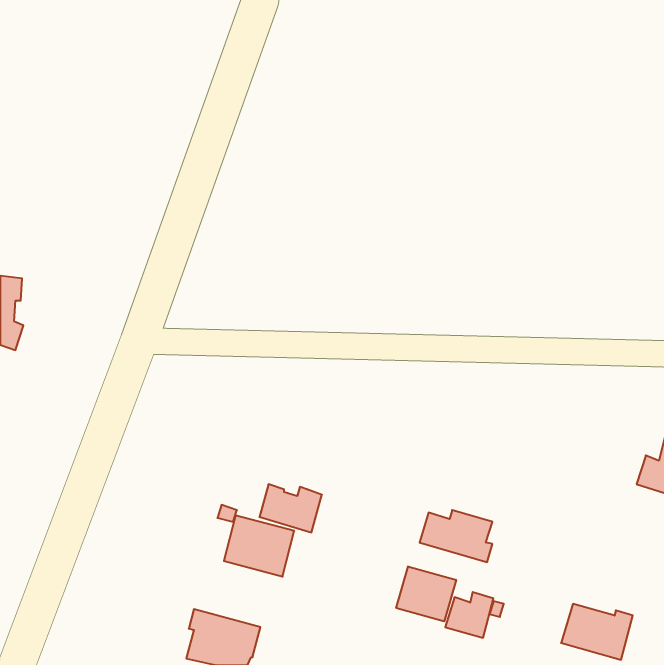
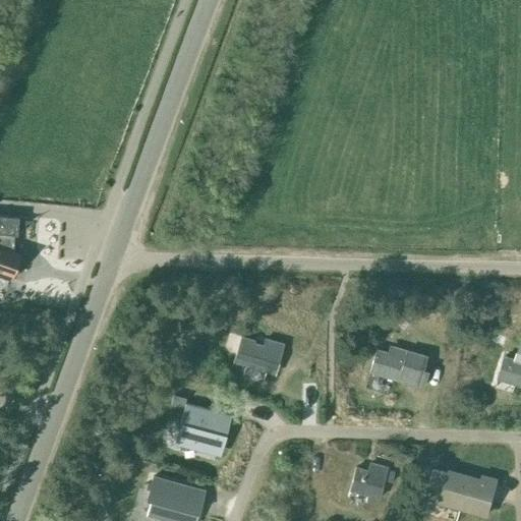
building: [259,484,322,532] -> [234,337,283,374]
building: [420,510,492,562] -> [369,347,426,388]
building: [396,566,456,621] -> none

